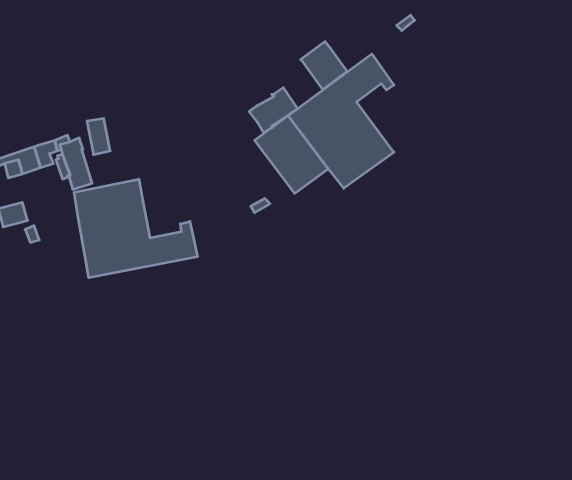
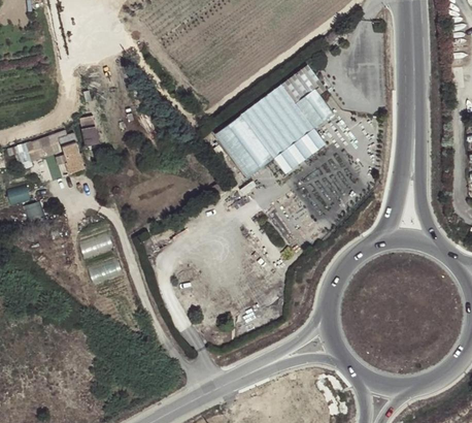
building: [301,42,347,89] -> [295,89,332,127]
building: [249,88,298,133] -> none
building: [74,179,198,278] -> none

